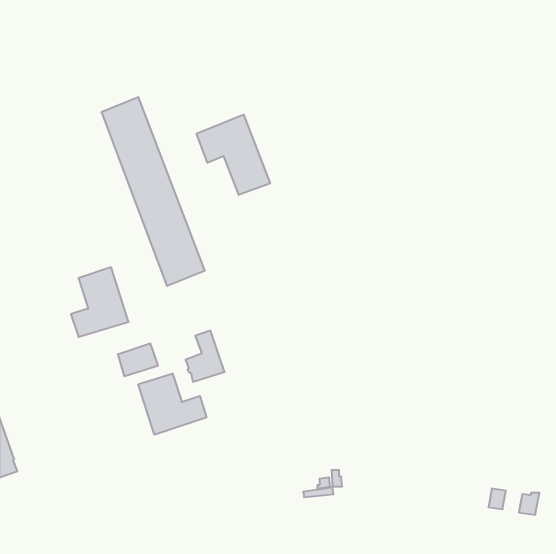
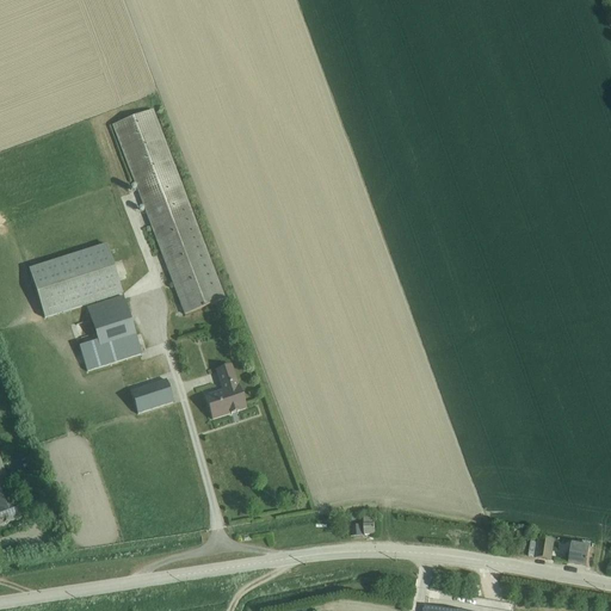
building: [197,115,270,195] -> none
building: none -> [27,241,122,316]
building: [138,373,206,435] -> none

